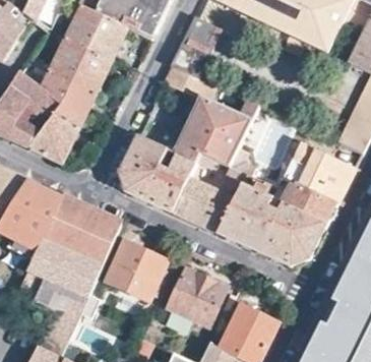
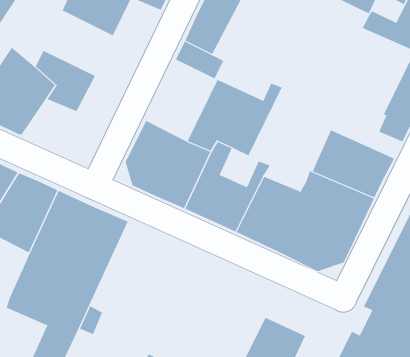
building: [27,34,110,96] -> none
building: [30,116,78,163] -> none
building: [106,242,166,300] -> none
building: [167,268,227,326] -> none

